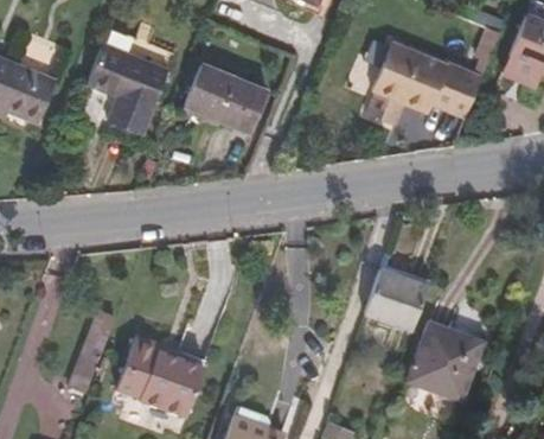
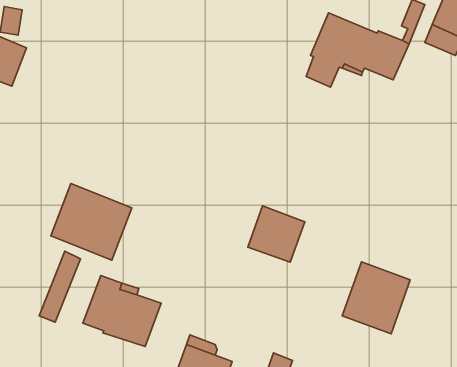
building: [87,43,168,135] -> none
building: [185,64,267,133] -> none
building: none -> [51,184,132,260]
building: [365,267,429,330] -> [248,206,305,262]

